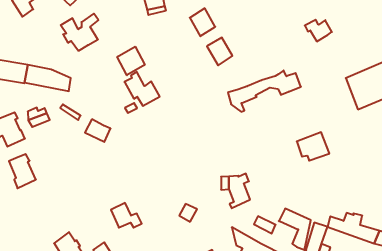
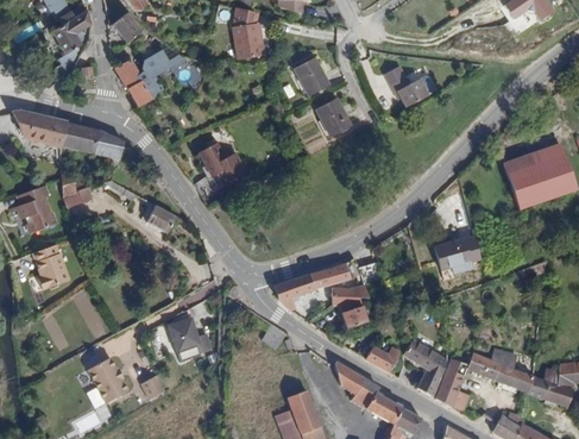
building: [305,20,332,41] -> [390,76,427,106]
building: [117,47,145,75] -> none
building: [228,70,301,112] -> [276,258,377,312]

